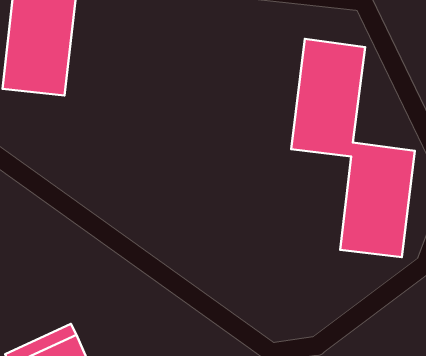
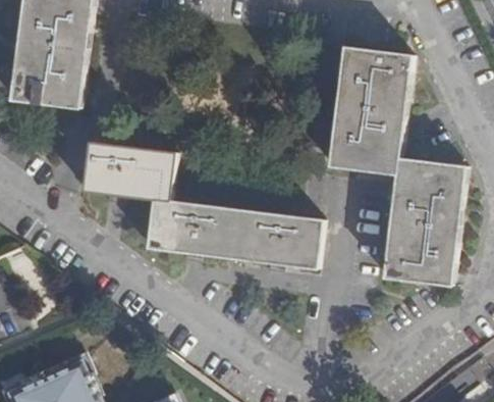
building: none -> [79,142,320,270]

